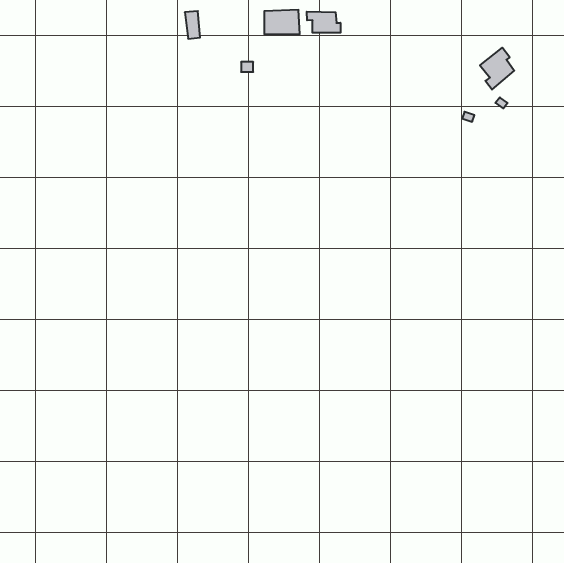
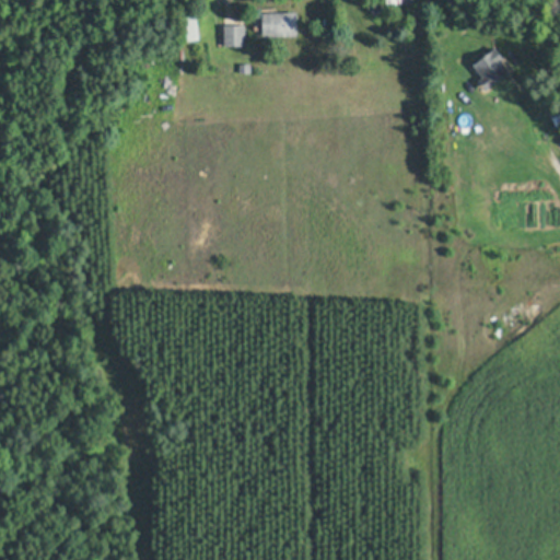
building: [307,12,341,33] -> none
building: none -> [223,26,245,47]

